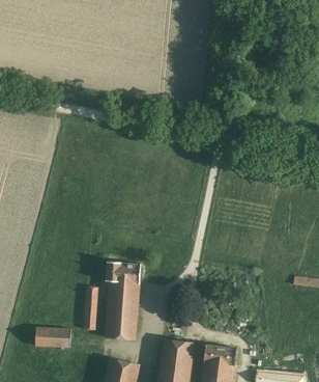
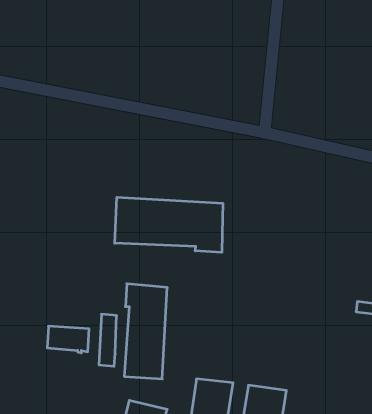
building: none -> [115,197,223,252]
building: [34,327,68,349] -> [47,326,89,353]

